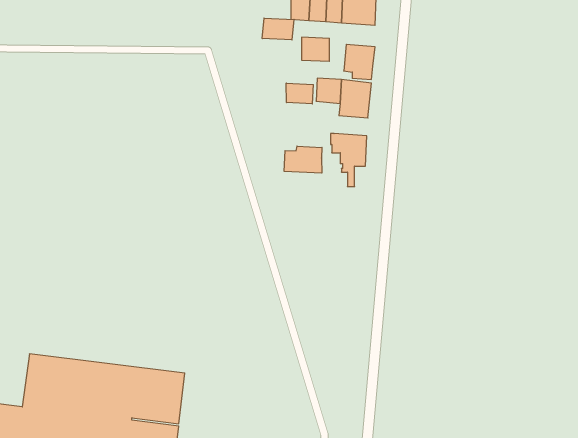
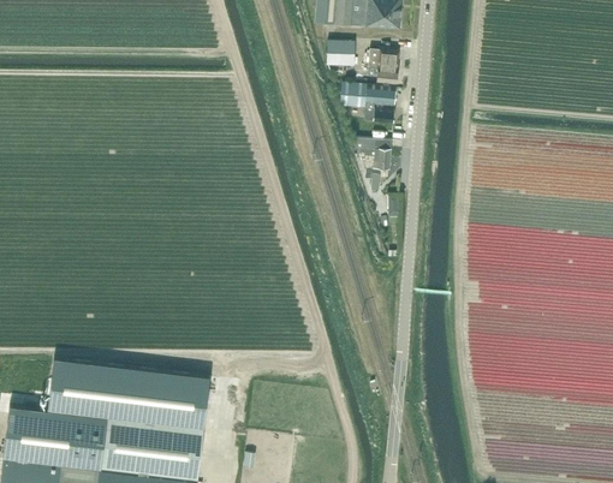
building: [262,18,294,40] -> none
building: [286,83,313,104] -> none
building: [284,146,322,173] -> none

